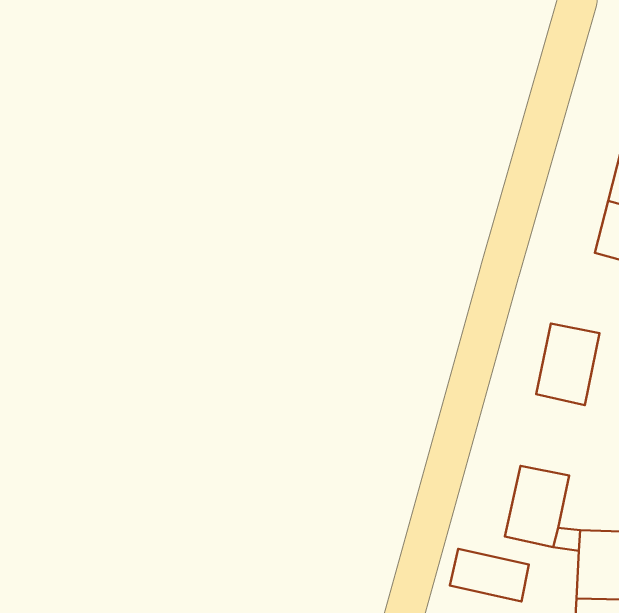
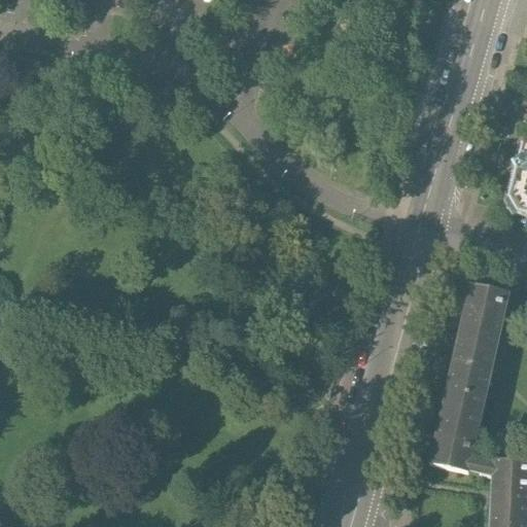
building: none -> [443,341,497,410]
building: [450,549,529,601] -> none

